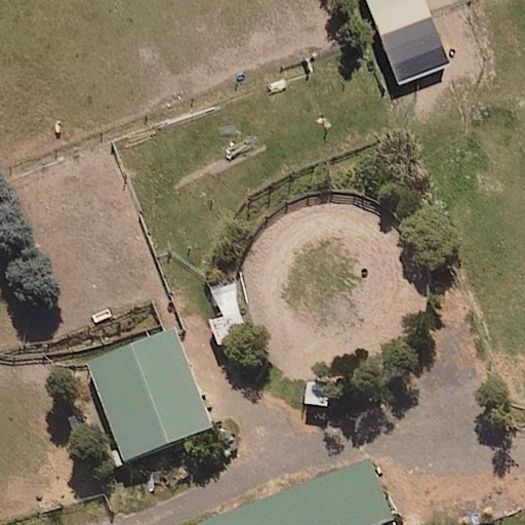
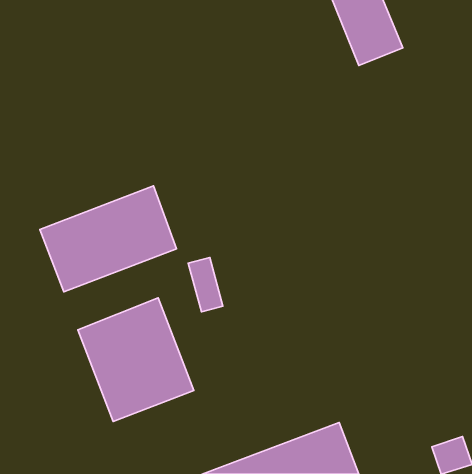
building: none -> [40,186,177,292]

